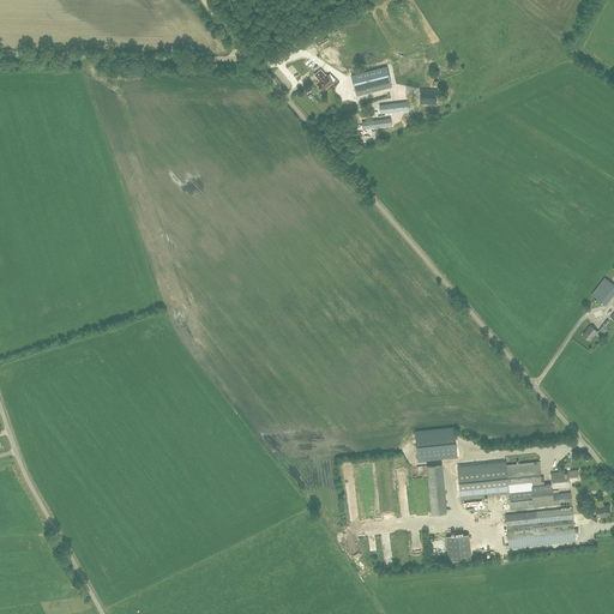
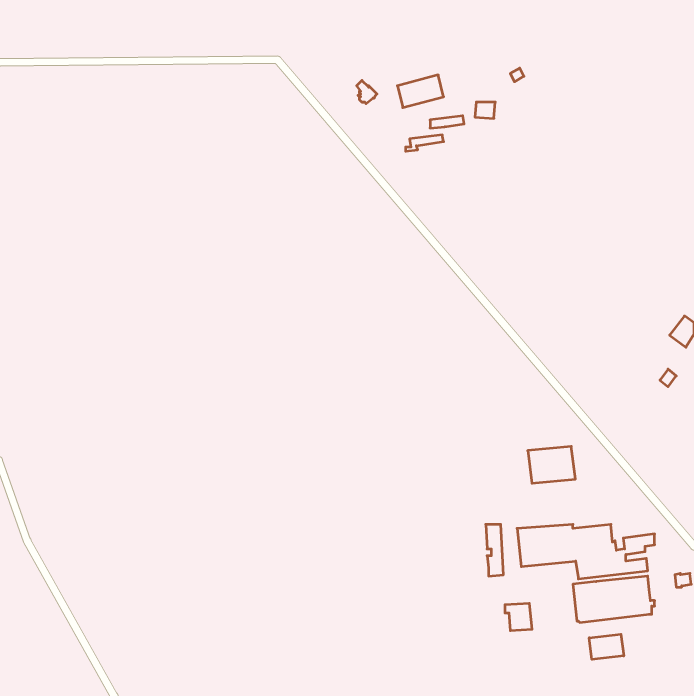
building: [414,428,456,460] -> [528,446,575,483]
building: none -> [589,634,624,659]

